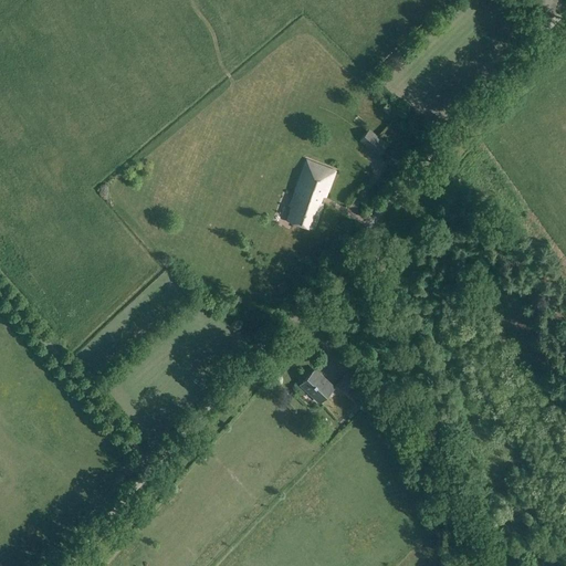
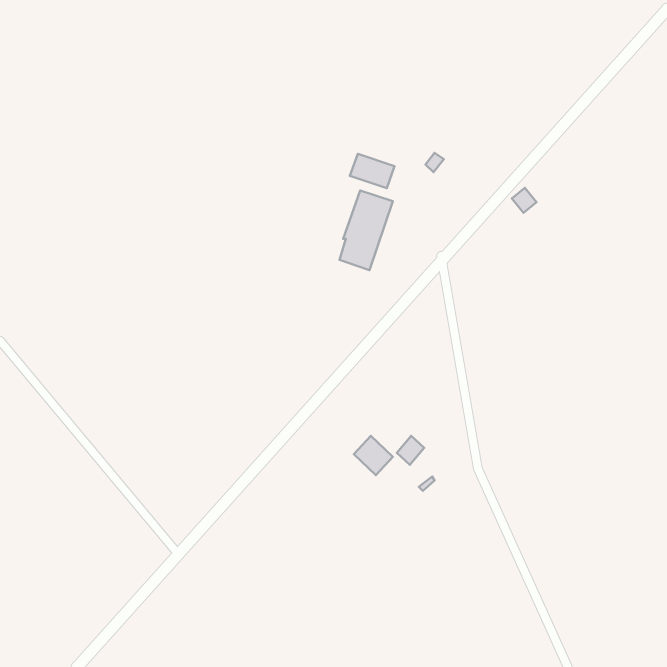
building: none -> [350,154,395,188]

